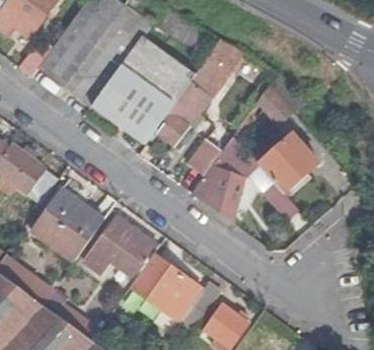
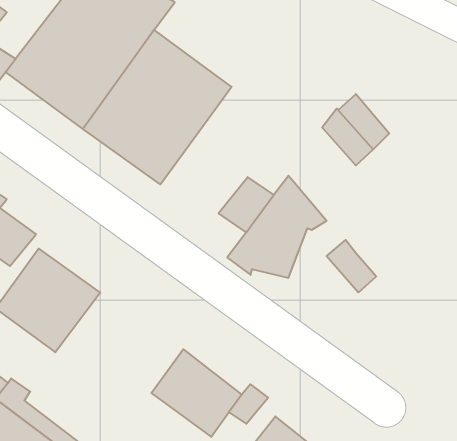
building: [153,50,236,145] -> none
building: [259,140,313,193] -> none
building: [85,216,161,281] -> none

